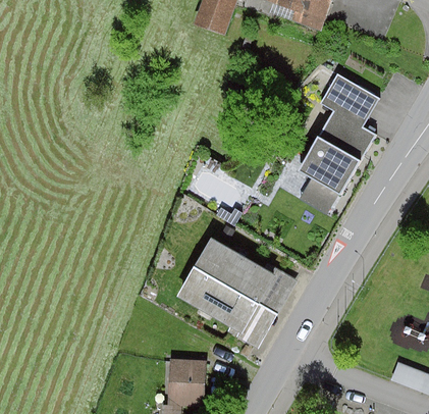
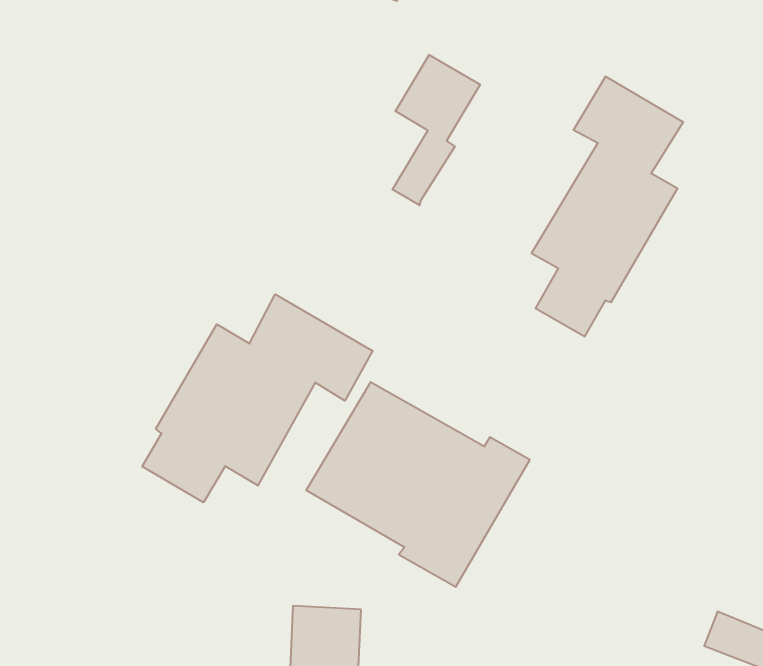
building: none -> [393,55,480,205]
building: none -> [142,294,373,502]

